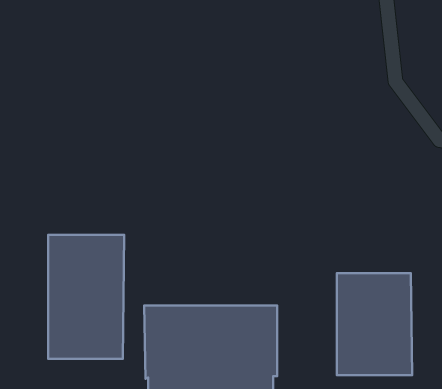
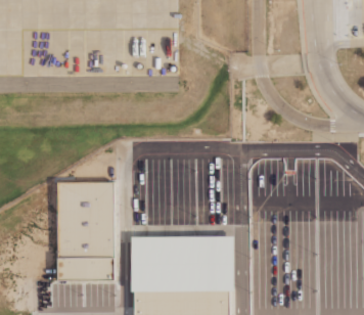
building: [337,273,412,375] -> none

